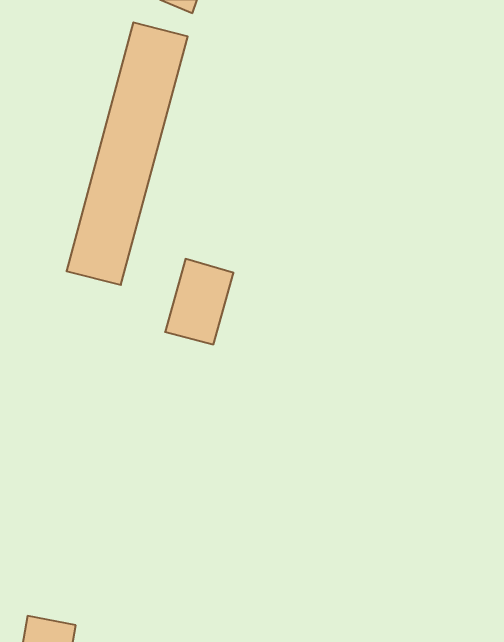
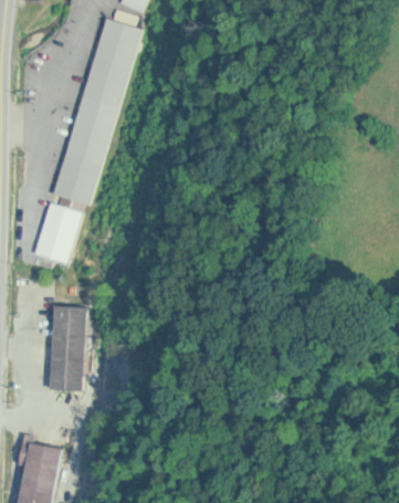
building: [165,259,234,344] -> [33,202,82,263]
building: none -> [49,305,85,390]

